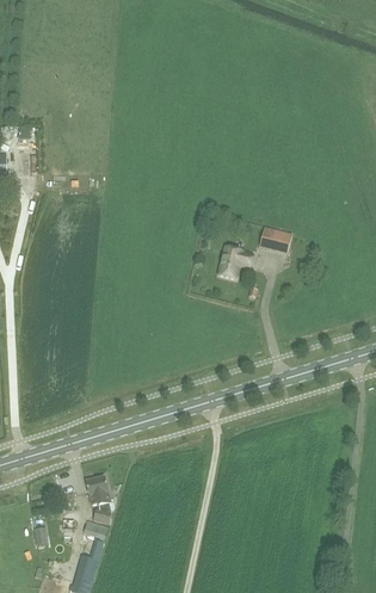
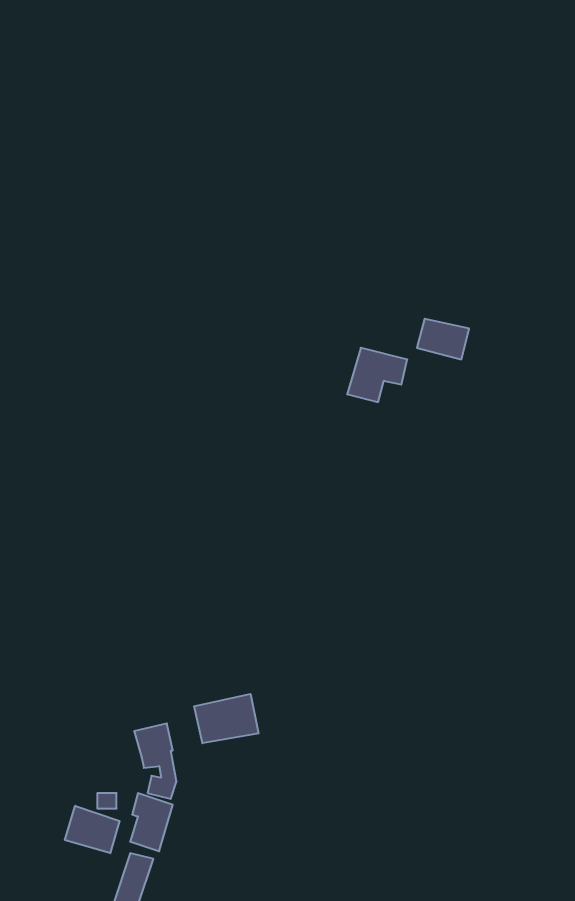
building: none -> [194,694,259,743]
building: none -> [65,806,120,853]

